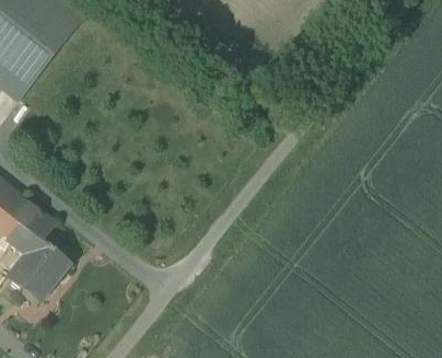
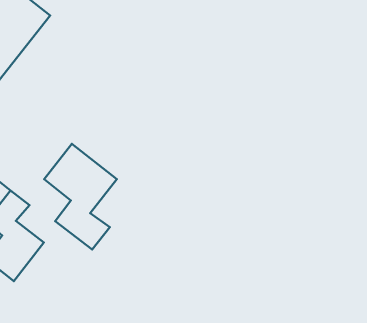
building: none -> [44,144,117,250]

